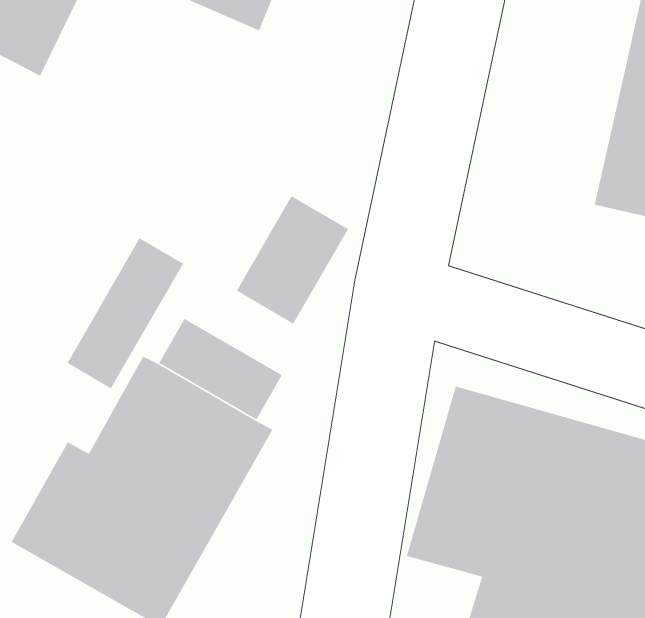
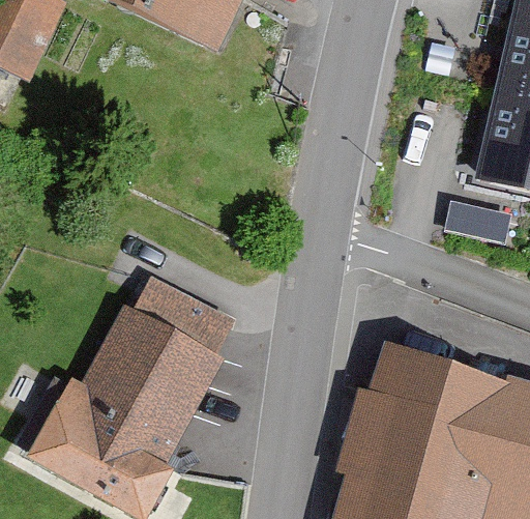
building: [236,195,349,325] -> none
building: [66,237,184,389] -> none

